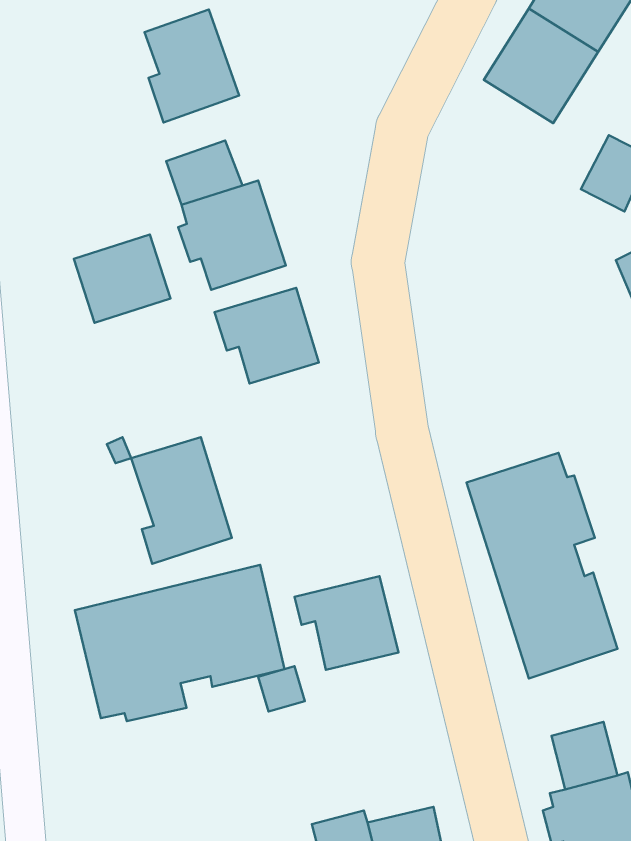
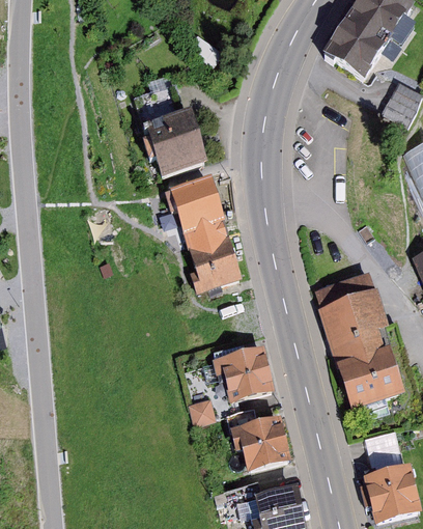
building: [144,9,239,122] -> none
building: [74,235,171,323] -> none
building: [131,437,232,564] -> [184,219,244,295]
building: [75,565,284,721] -> none
building: none -> [226,410,290,469]

